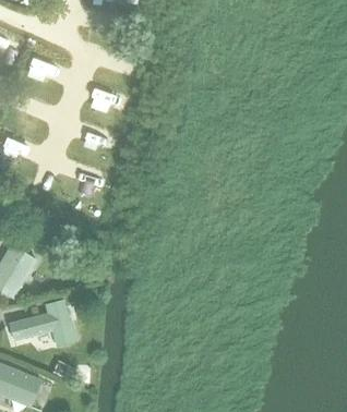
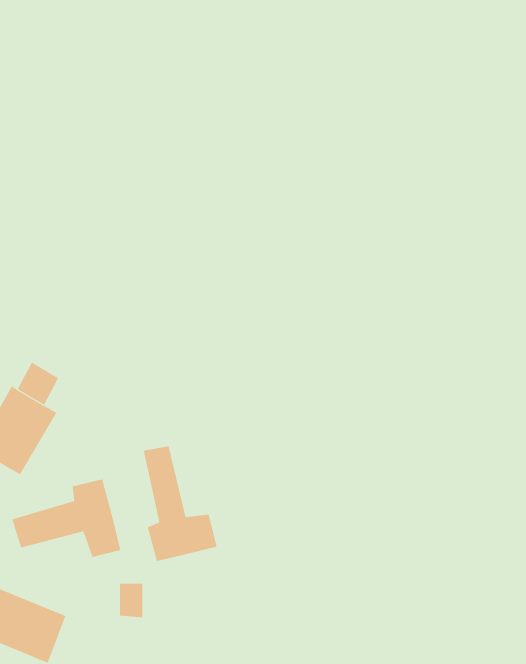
building: none -> [143,446,217,562]

